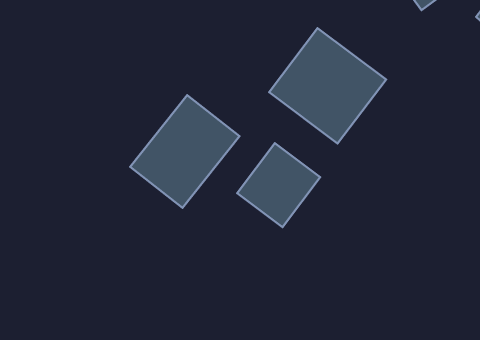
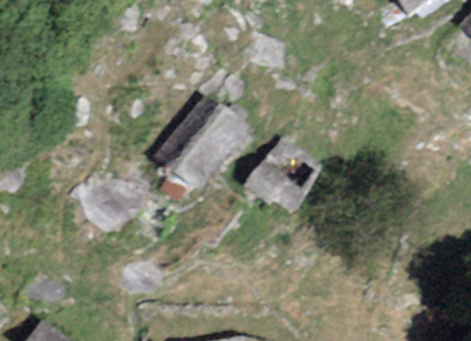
building: [269,28,386,143] -> none

